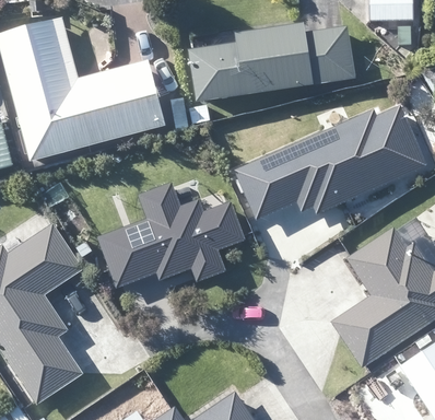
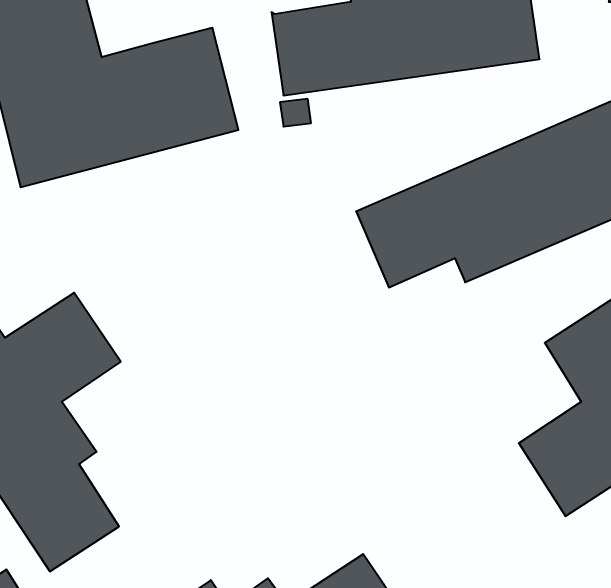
building: [101,184,247,288] -> none

